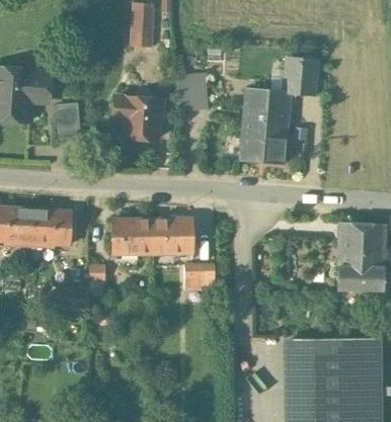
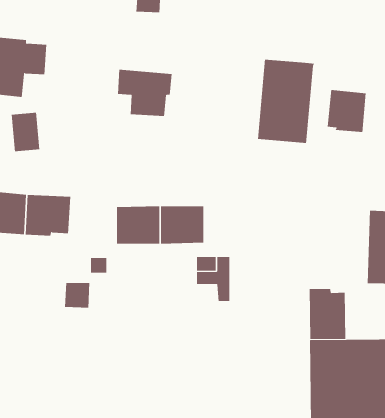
building: [283,57,318,95] -> [327,90,366,132]
building: [177,74,208,110] -> none
building: [55,106,81,142] -> [11,112,40,152]
building: none -> [309,288,346,340]

